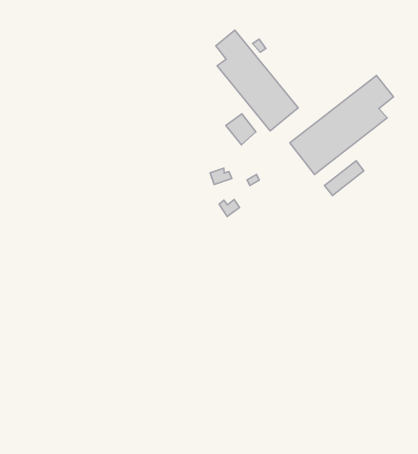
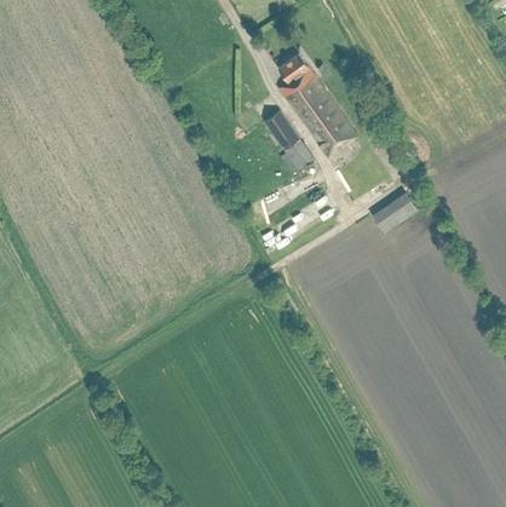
building: [290,75,393,175] -> none
building: none -> [263,109,299,148]

